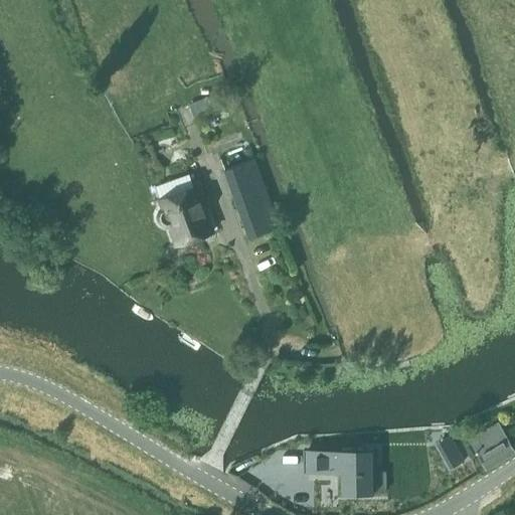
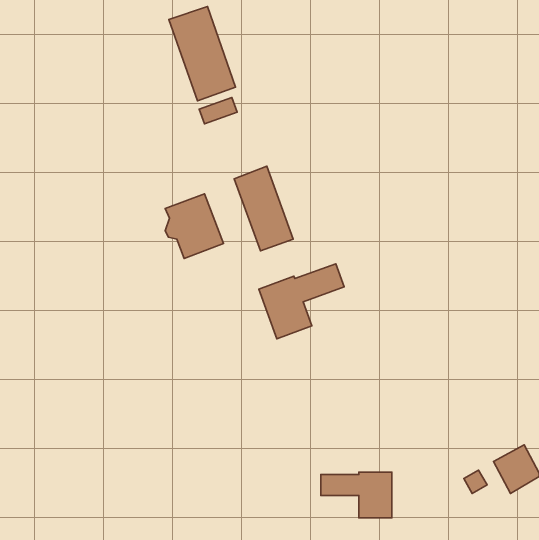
building: none -> [169,7,236,101]
building: none -> [259,264,344,339]

